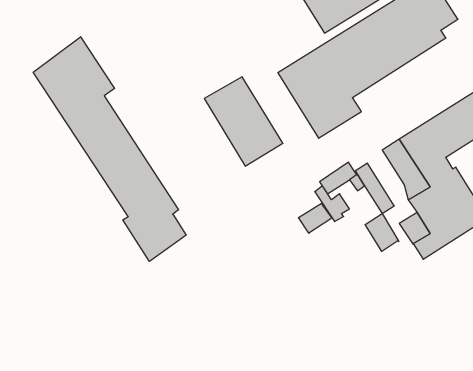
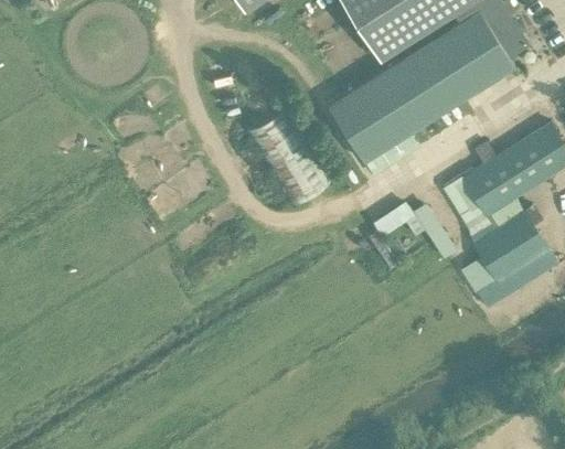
building: [33,37,186,261] -> none
building: [298,203,332,233] -> none
building: [365,214,399,251] -> none

